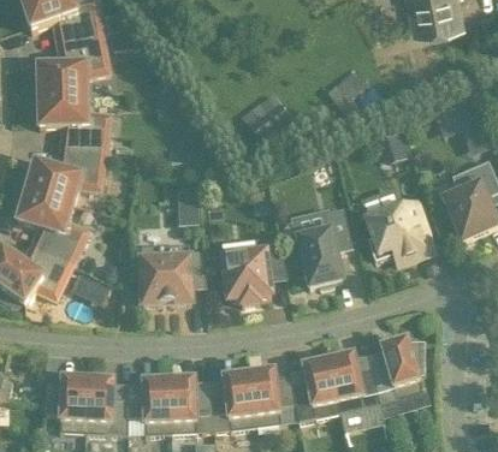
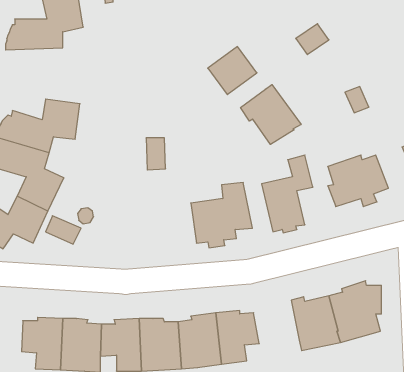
building: [28,94,111,153] -> none
building: none -> [241,85,301,144]
building: [141,245,207,305] -> none
building: [289,359,339,422] -> none

